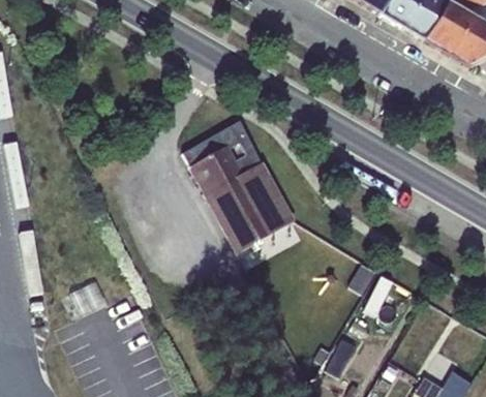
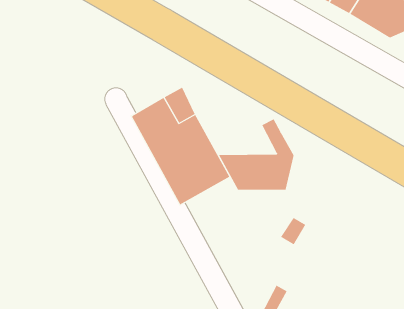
building: none -> [218,119,294,191]

